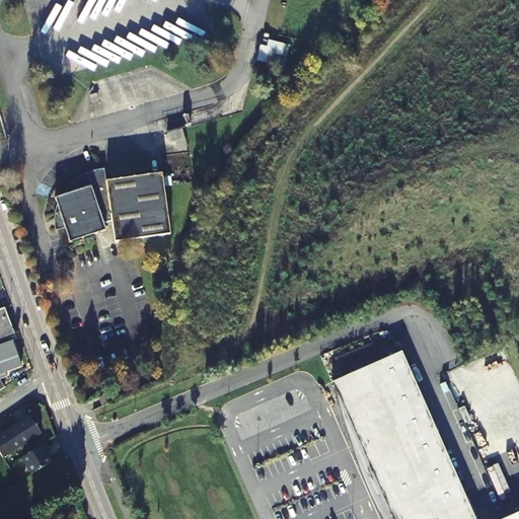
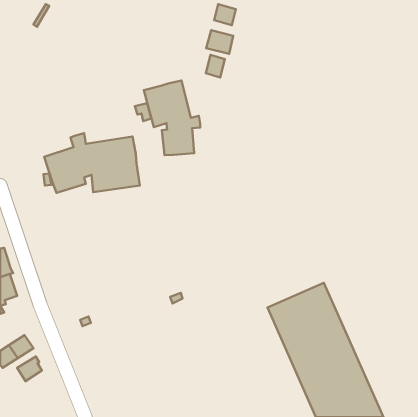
building: none -> [214,4,236,25]
building: none -> [206,55,225,77]
building: none -> [144,81,200,155]

